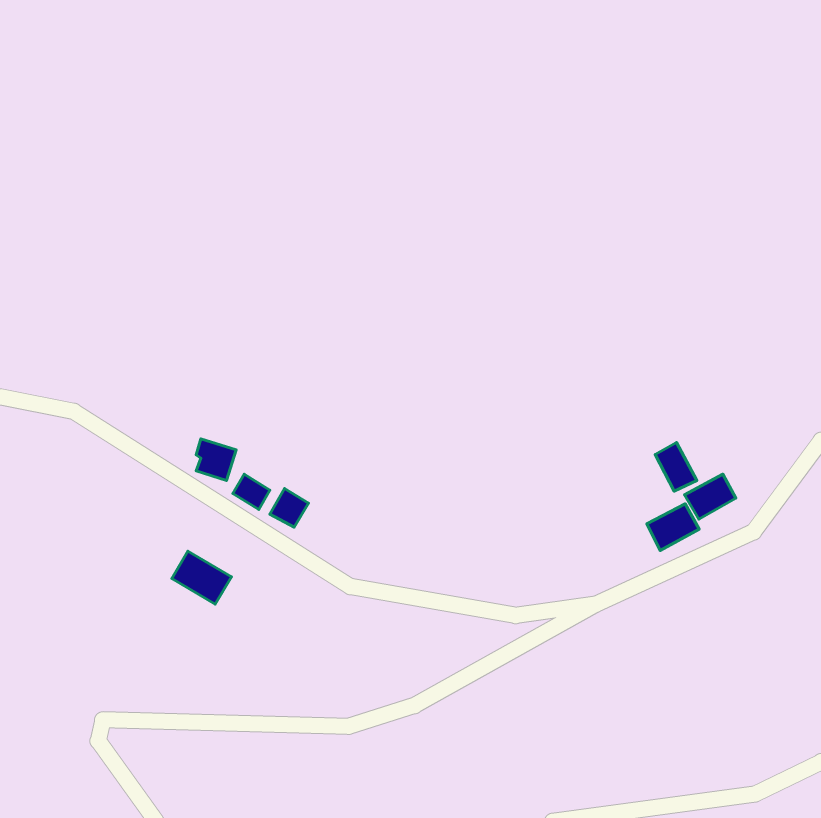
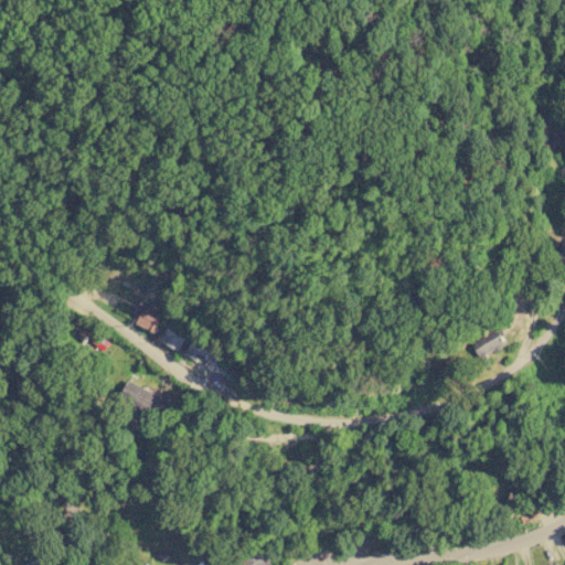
building: [655,443,697,491] -> none
building: [647,504,699,551] -> none

